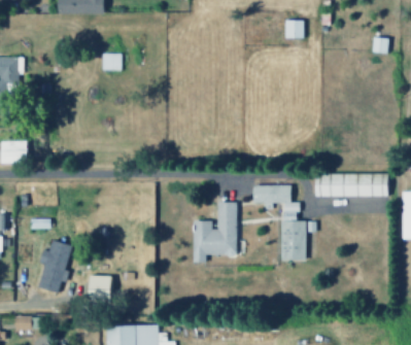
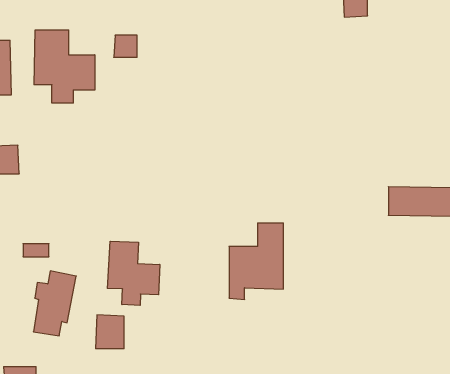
building: none -> [34,30,95,103]
building: [253,184,316,261] -> none
building: none -> [107,241,160,305]

